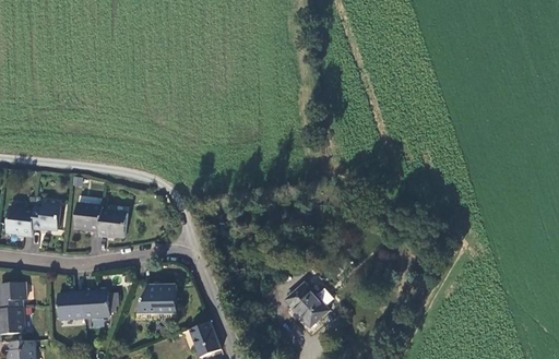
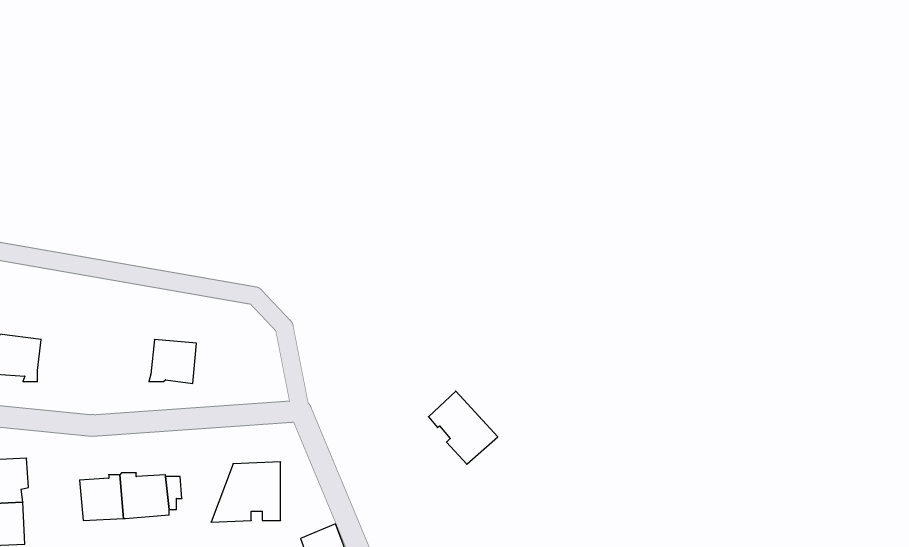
building: [31,203,59,229] -> none
building: [73,203,102,231] -> none
building: [286,283,328,326] -> [428,391,498,464]

